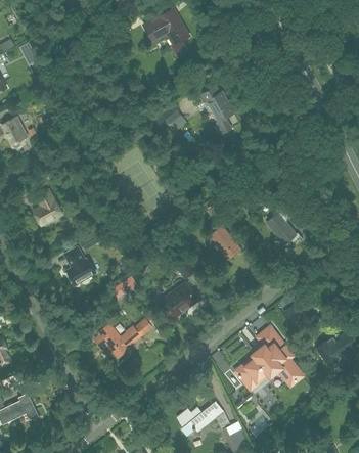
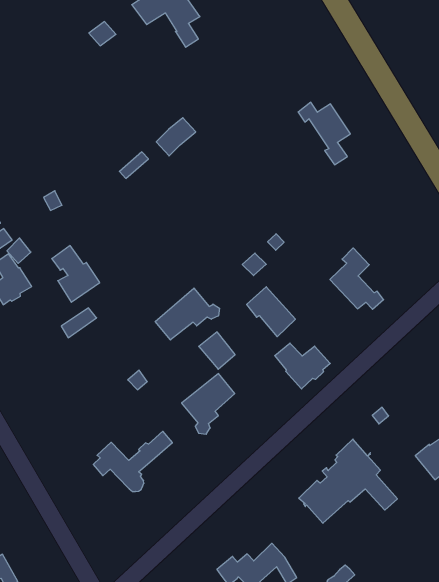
building: [199,89,234,133] -> [298,102,350,165]
building: none -> [155,288,219,340]
building: [63,245,95,284] -> [52,246,100,302]
building: none -> [275,343,330,389]

